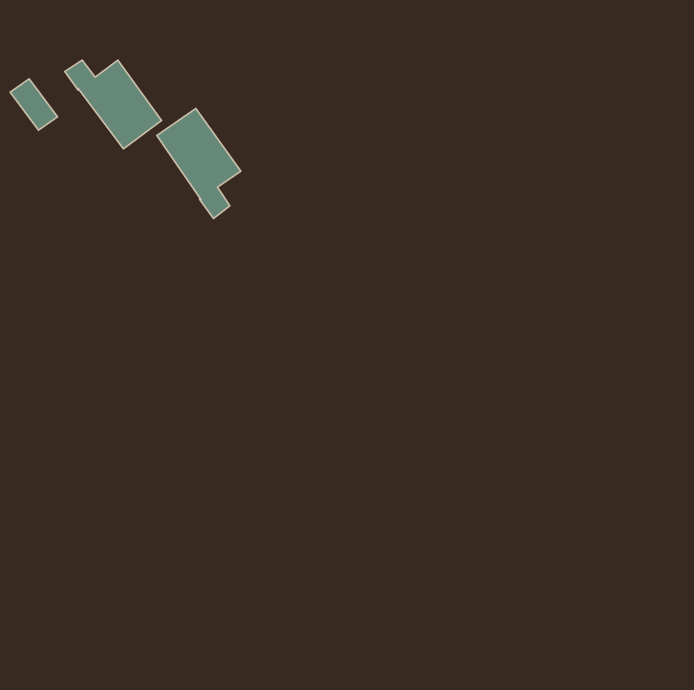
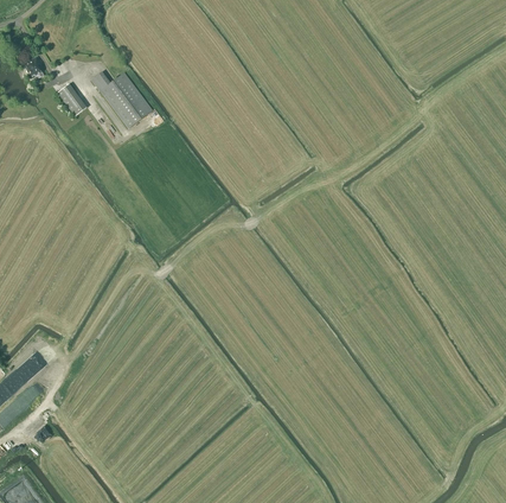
building: [157,108,241,218] -> none

